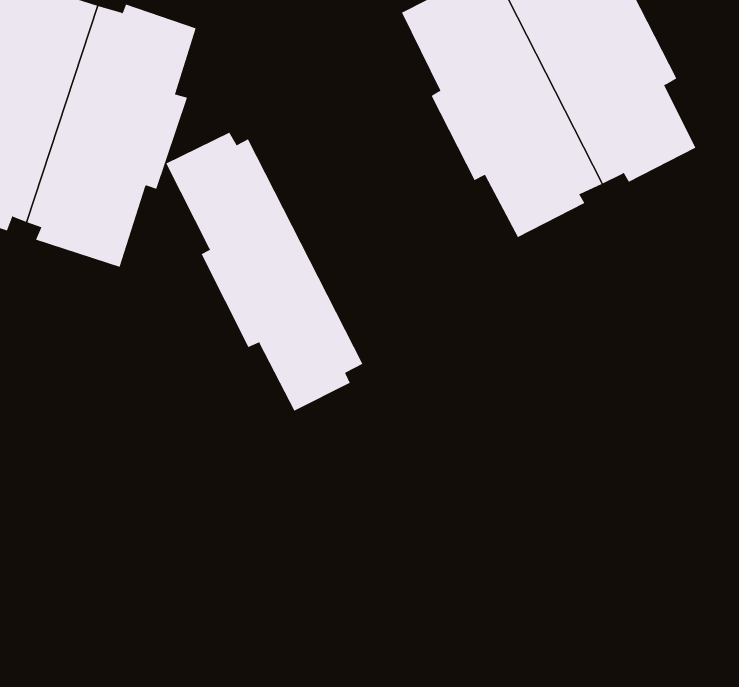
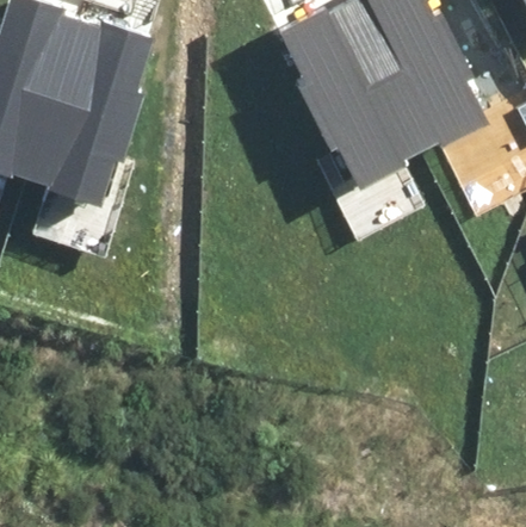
building: [166,132,363,412] -> none

